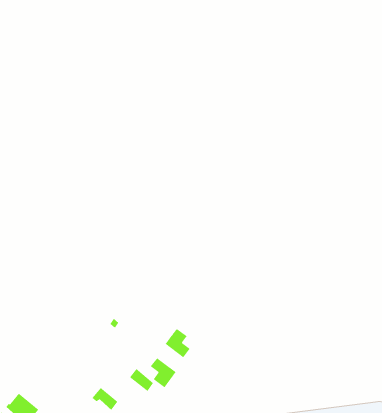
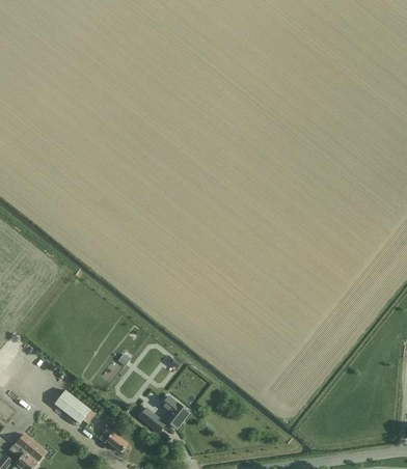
building: [165,328,191,358] -> none
building: none -> [55,391,91,424]

